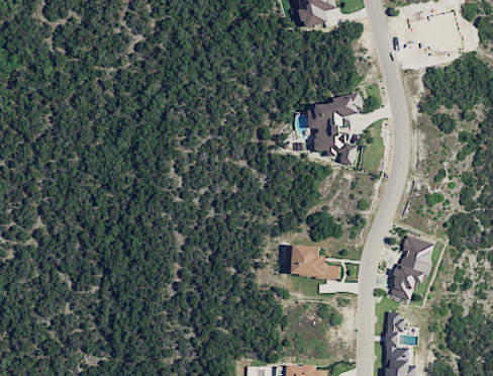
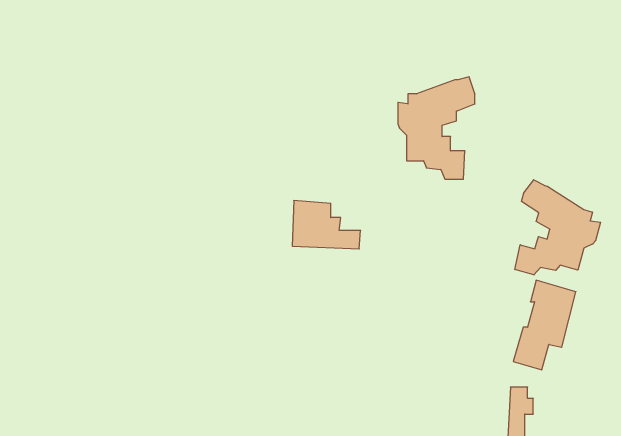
building: none -> [515,180,601,275]
building: [291,244,339,278] -> [292,201,361,249]

